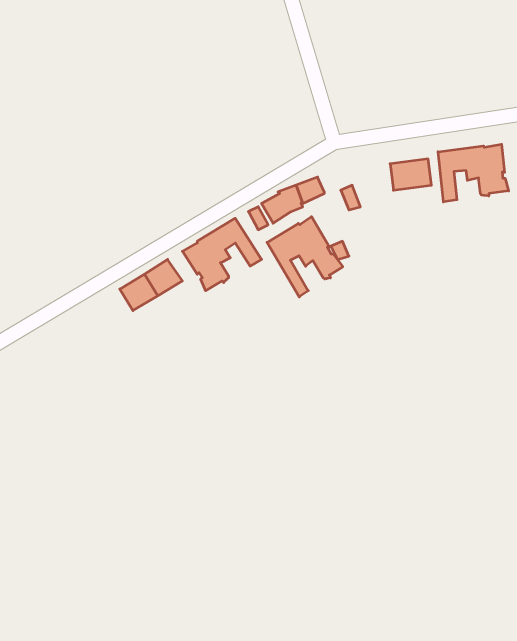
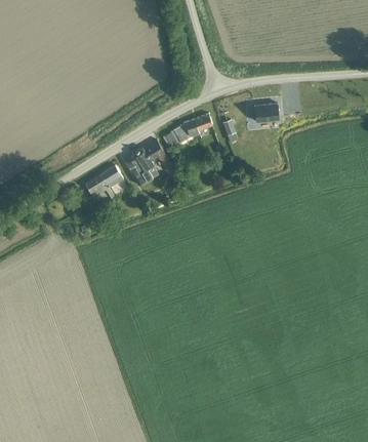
building: [438,144,509,202] -> none
building: [267,217,343,297] -> none

